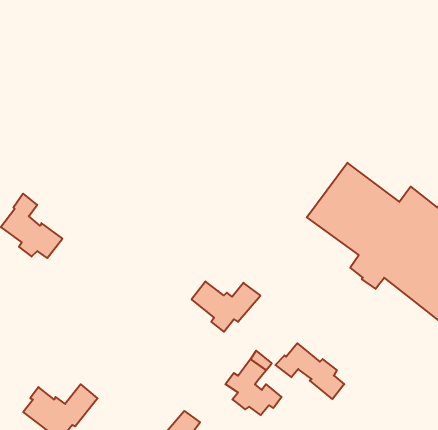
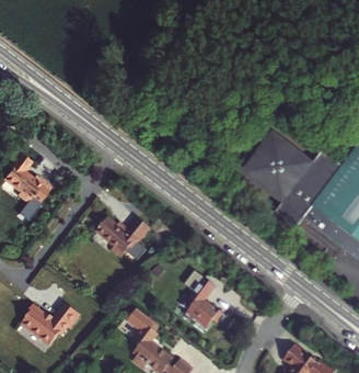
building: [192,281,260,332] -> [96,216,150,256]
building: [275,343,344,399] -> none

